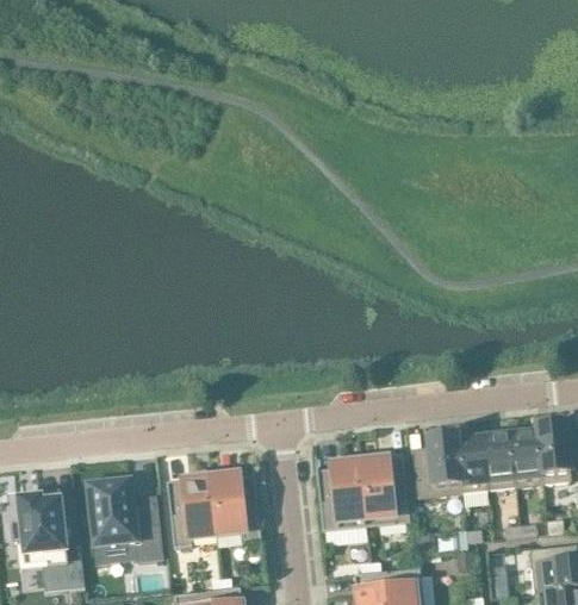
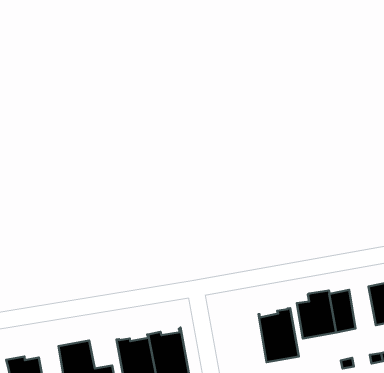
building: [483,435,515,489] -> none
building: [315,461,365,531] -> none

